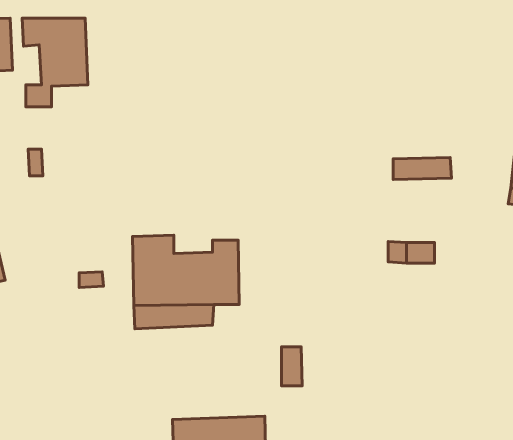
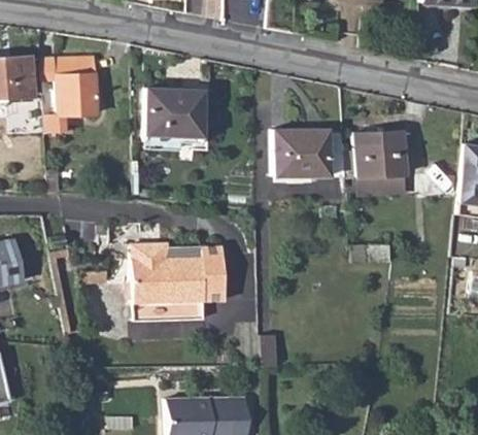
building: none -> [143,90,203,153]
building: none -> [273,129,327,175]
building: none -> [355,132,406,176]

